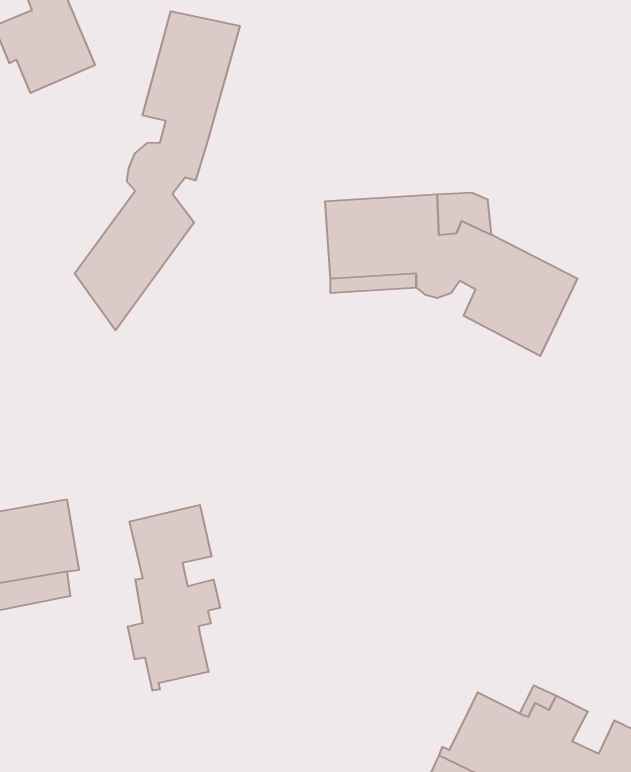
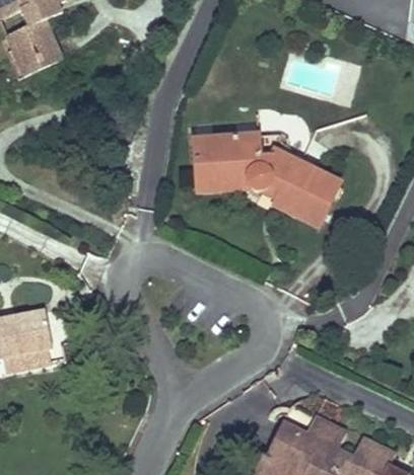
building: [75,11,240,330] -> none
building: [128,505,220,691] -> none

